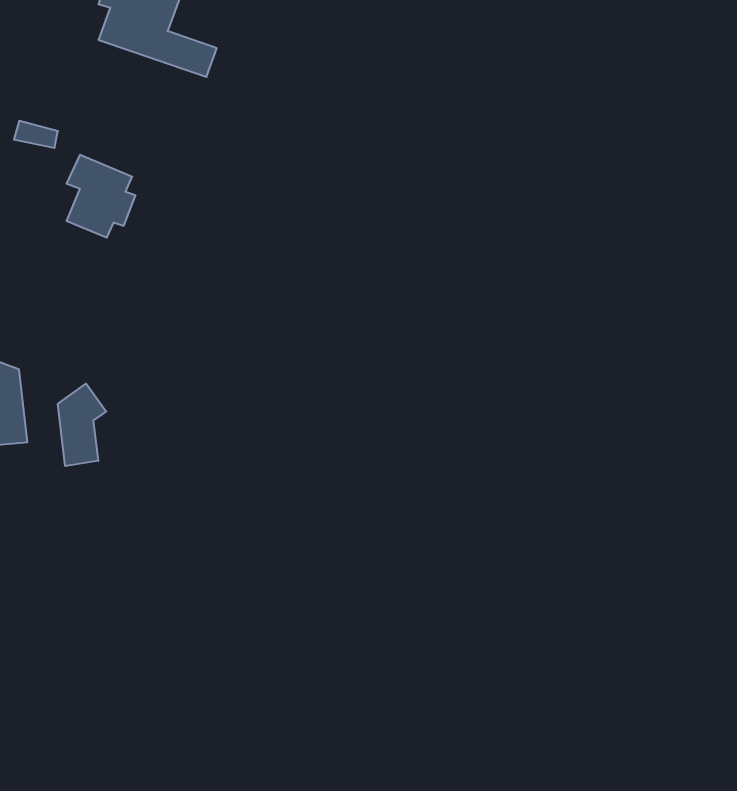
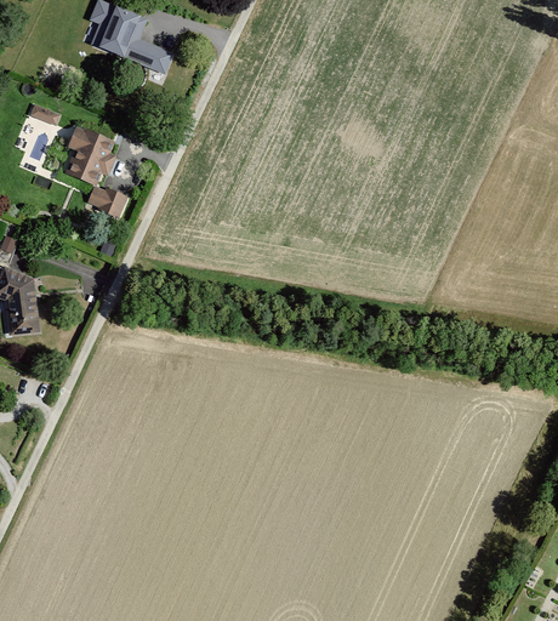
building: none -> [85,188,125,217]
building: [58,384,106,466] -> none

